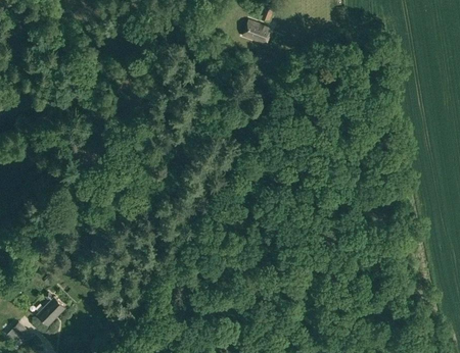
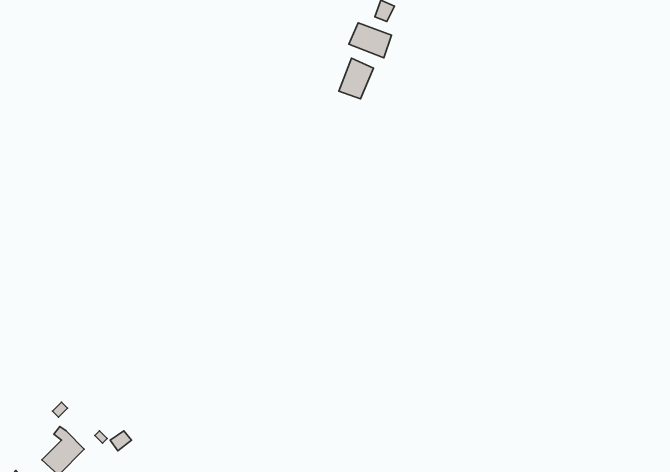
building: none -> [339,58,374,99]

